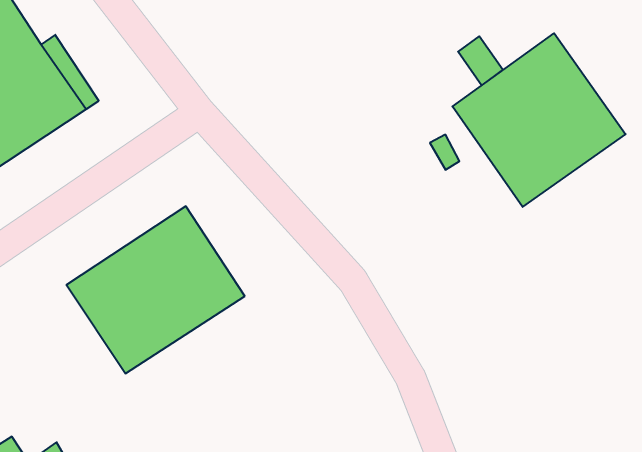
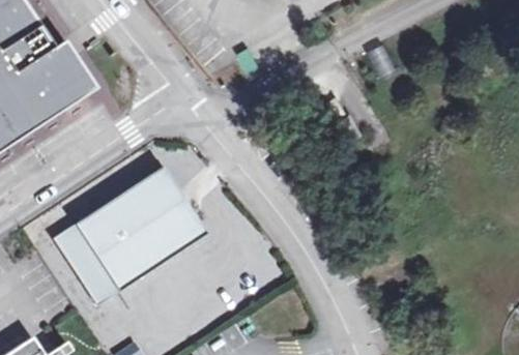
building: [452,33,626,207] -> none
building: none -> [53,224,117,302]

